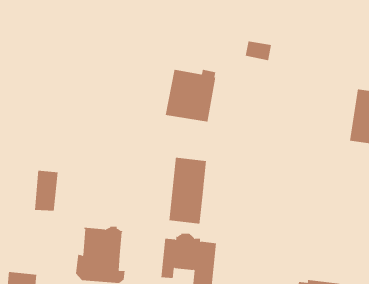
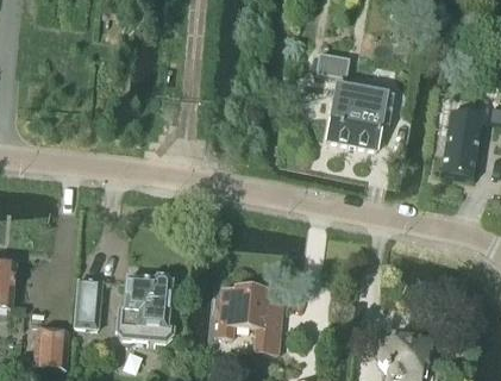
building: [165,69,216,122] -> [326,85,387,148]
building: [169,157,206,224] -> none
building: [34,170,58,211] -> [74,277,102,326]

